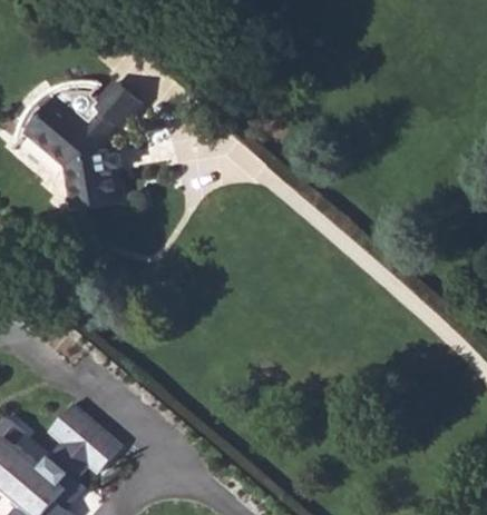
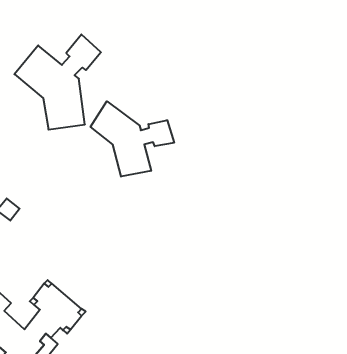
building: none -> [91,101,174,177]

